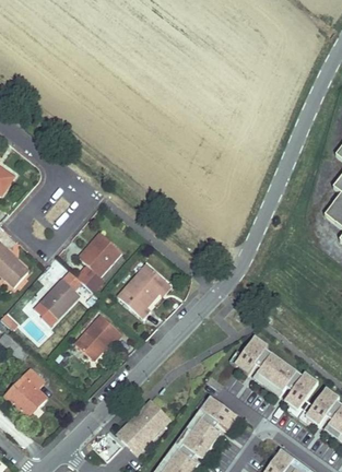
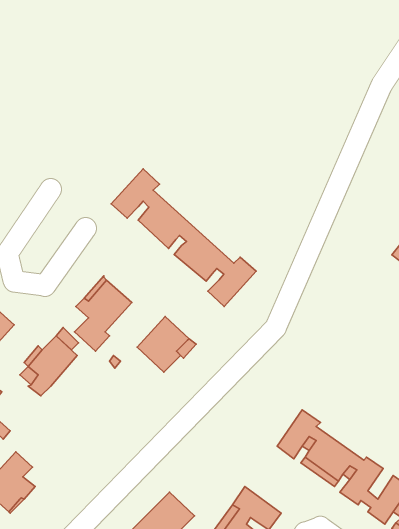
building: none -> [111,169,256,307]
building: [74,315,120,355] -> none

